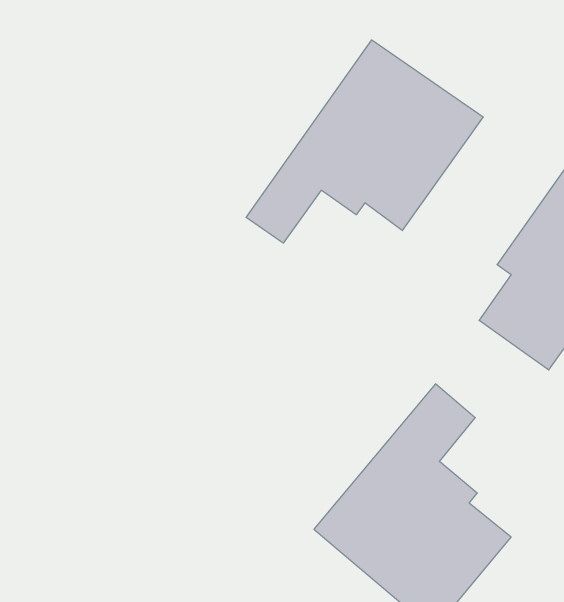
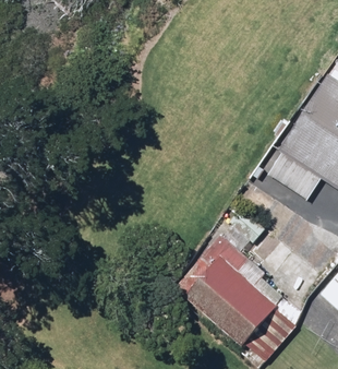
building: [246,40,483,243] -> none

